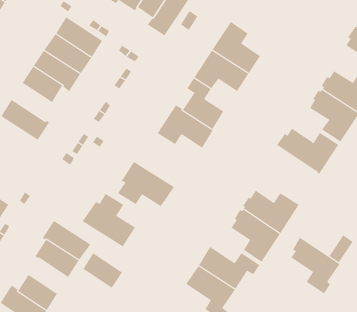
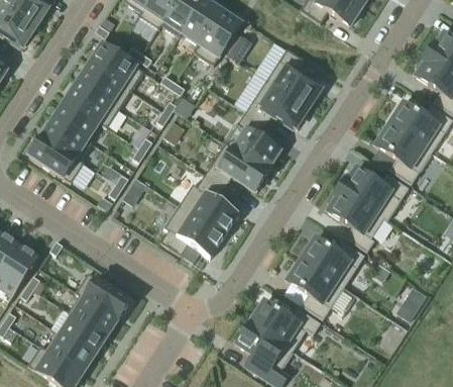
building: none -> [40,117,92,161]
building: [82,193,136,247] -> [178,174,238,234]
building: [290,237,340,294] -> [328,187,383,252]
building: [82,253,123,289] -> [60,314,105,355]

